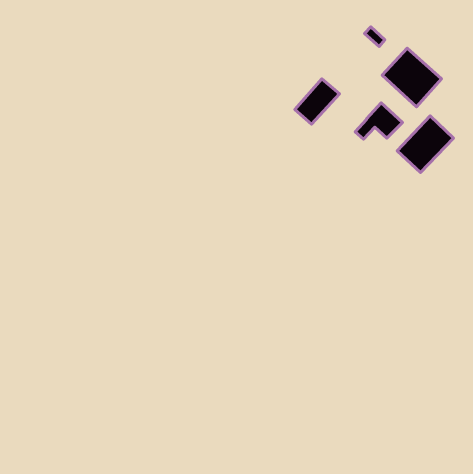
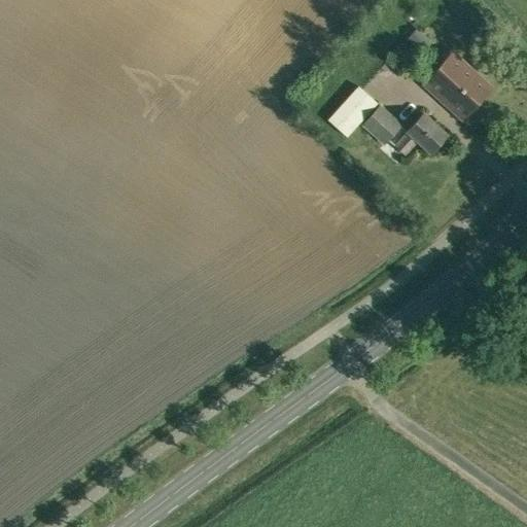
building: none -> [361,104,405,145]
building: [397,116,453,173] -> none

